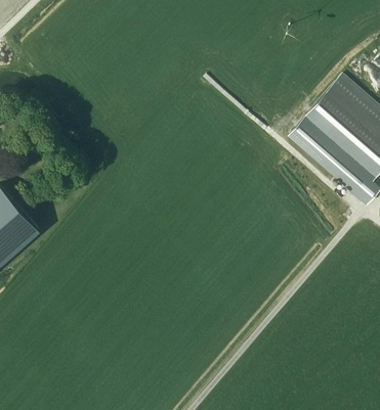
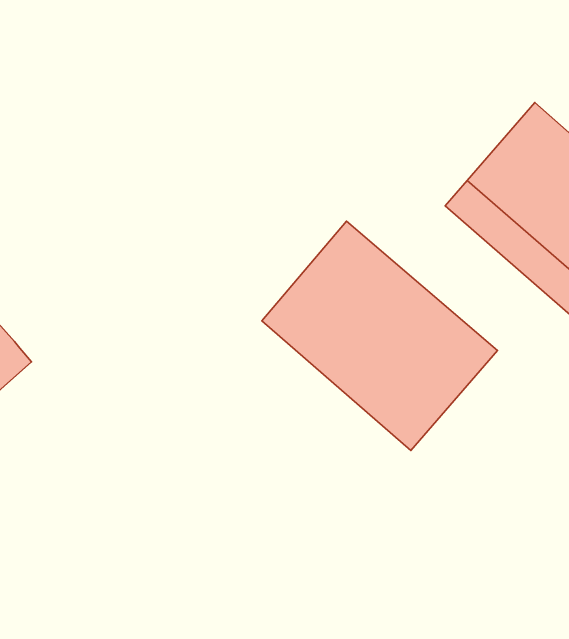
building: none -> [262,221,498,450]

